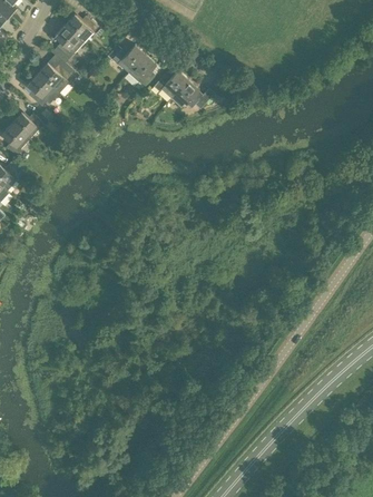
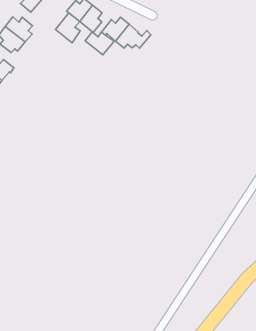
building: none -> [56,13,80,43]
building: none -> [85,32,114,55]

